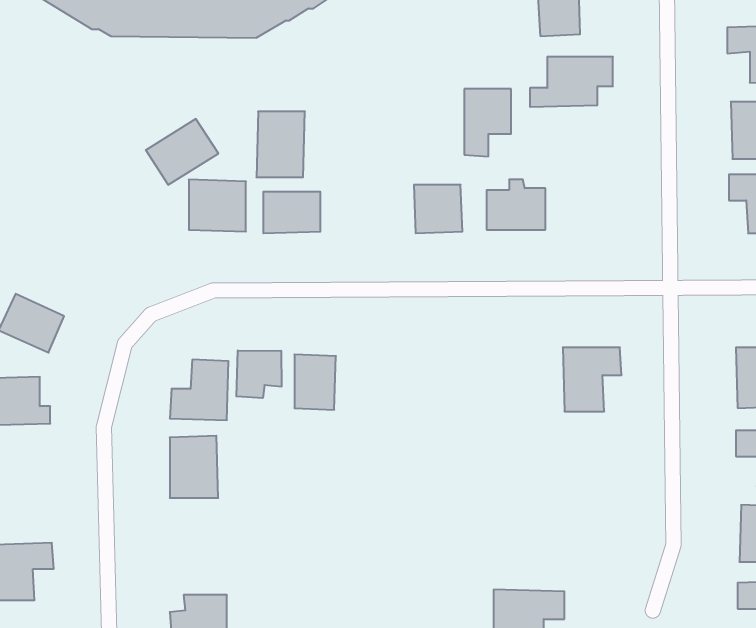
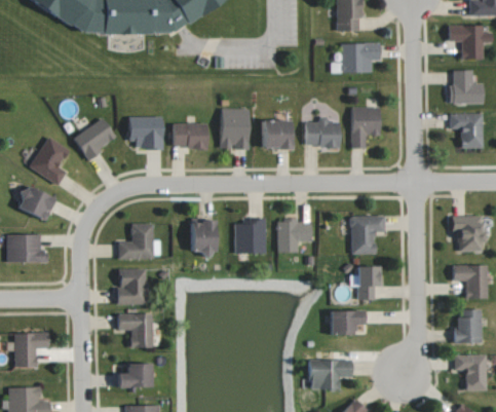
building: [464,89,511,156] -> [352,108,380,148]
building: [256,111,305,177] -> [221,109,250,148]
building: [146,119,218,185] -> [73,118,116,157]
building: none -> [29,136,70,186]
building: [236,350,281,398] -> none
building: none -> [277,220,312,253]
building: none -> [235,221,266,253]
building: none -> [350,266,382,299]
building: none -> [331,309,365,334]
building: none -> [117,313,153,348]

